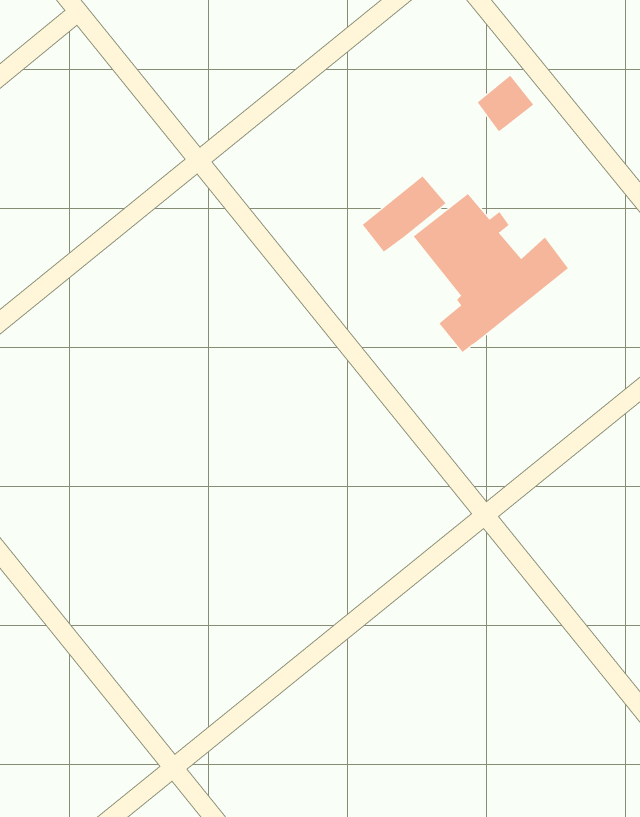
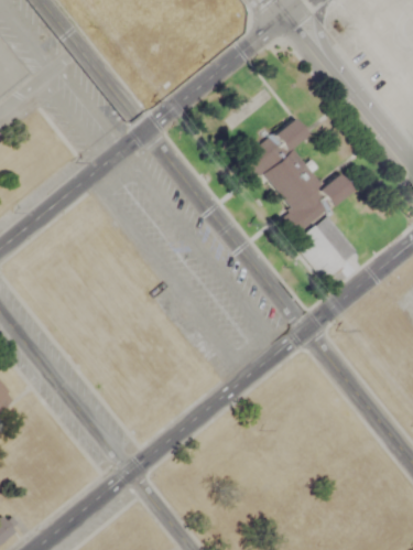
building: [477,75,534,132] -> [278,119,309,151]
building: none -> [294,215,359,281]

